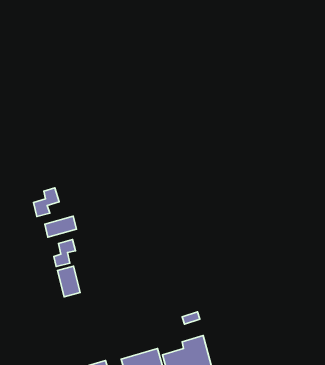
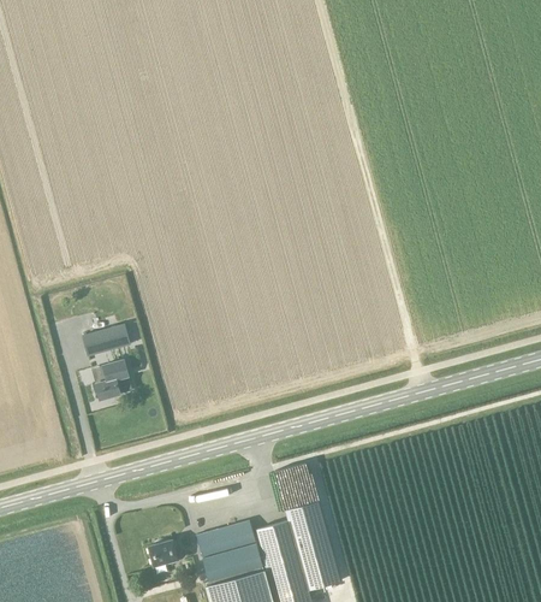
building: [33,188,59,217] -> none
building: [58,266,80,297] -> none

